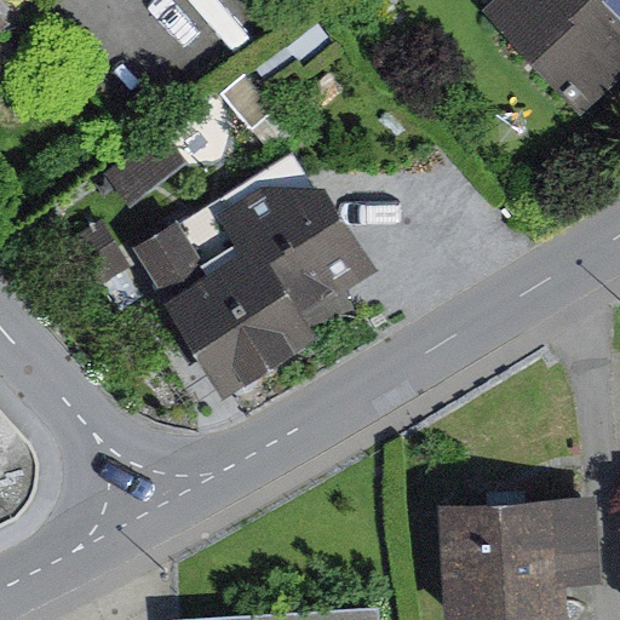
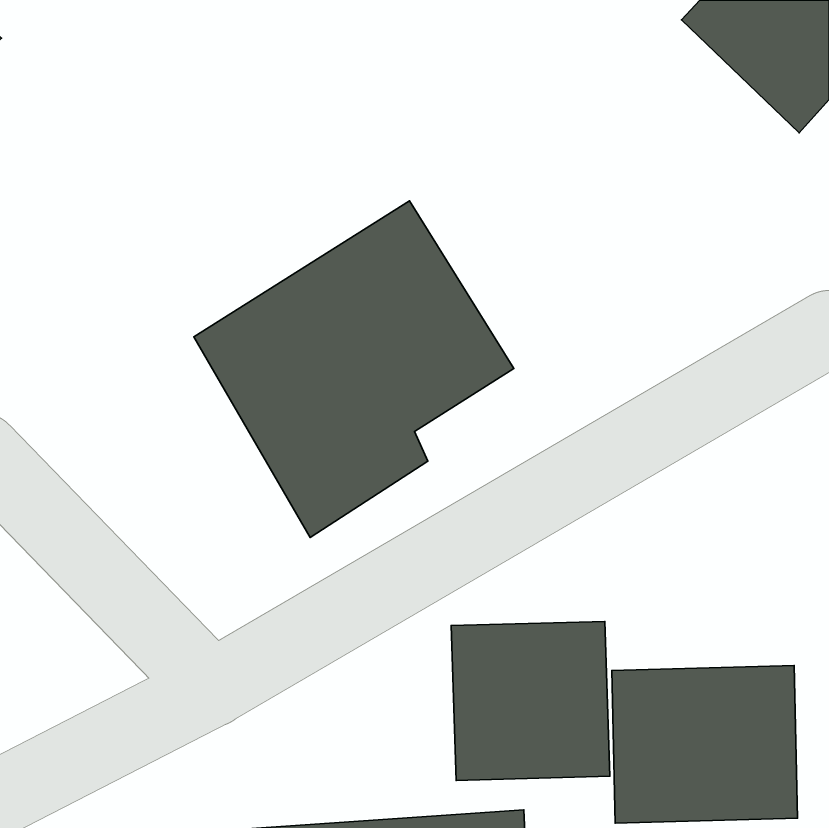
building: none -> [451,621,610,781]

